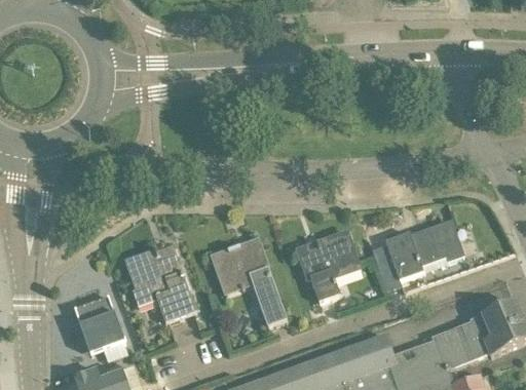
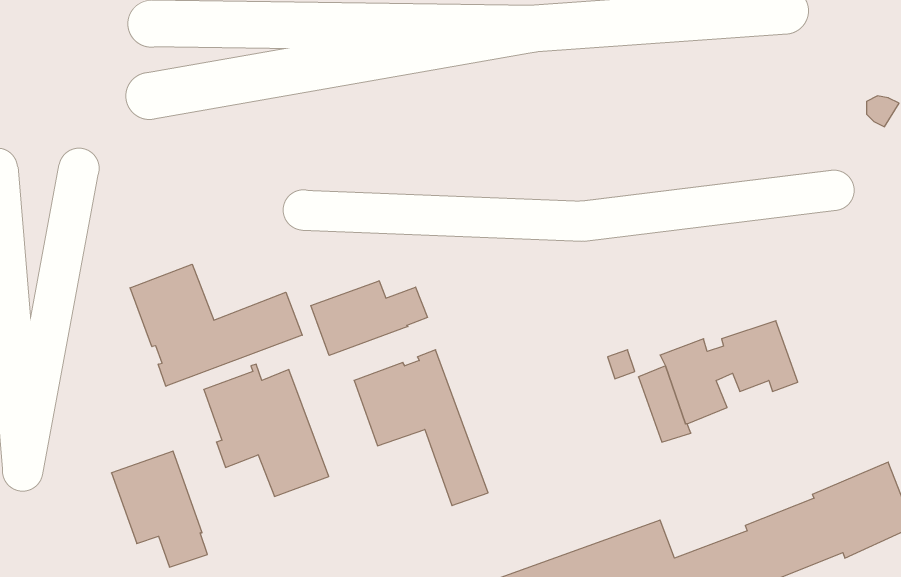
building: none -> [130,264,302,386]
building: none -> [311,281,428,355]
building: [296,230,361,301] -> none

